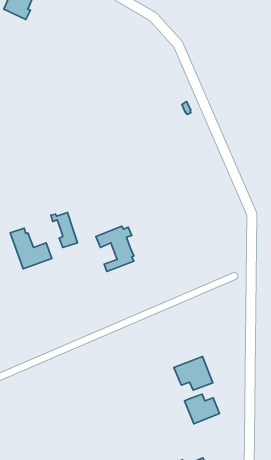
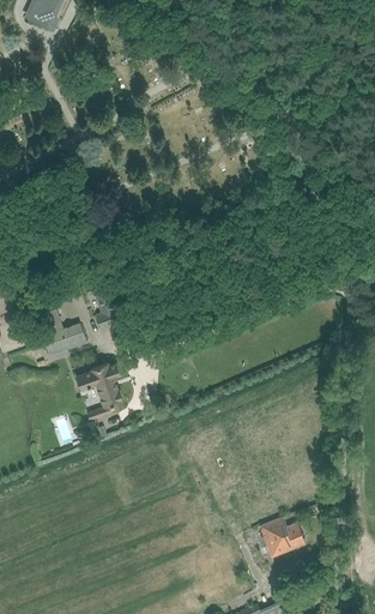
building: [96,226,134,271] -> [74,363,123,422]
building: [174,356,213,390] -> none

